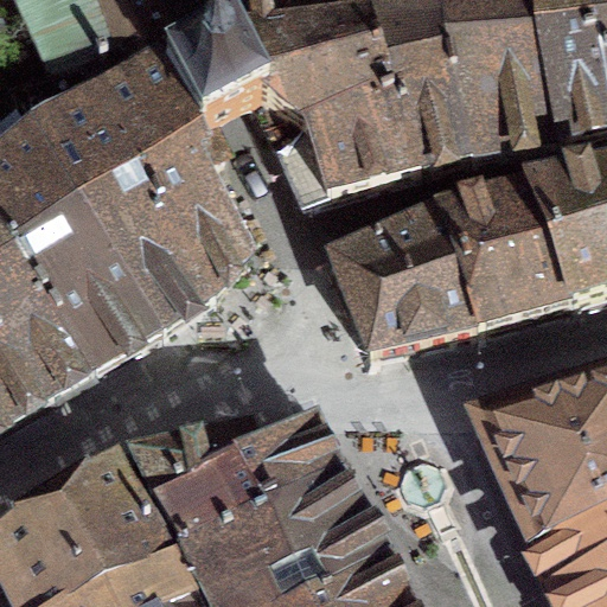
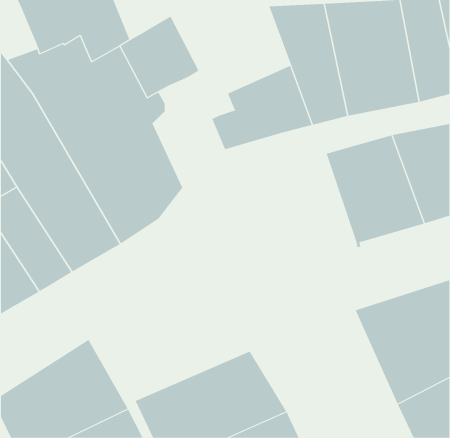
building: [230,8,391,155] -> none
building: [331,206,480,358] -> none
building: [130,417,337,539] -> none

